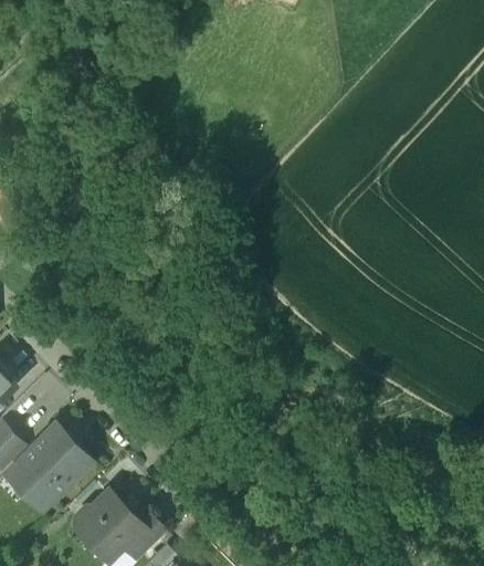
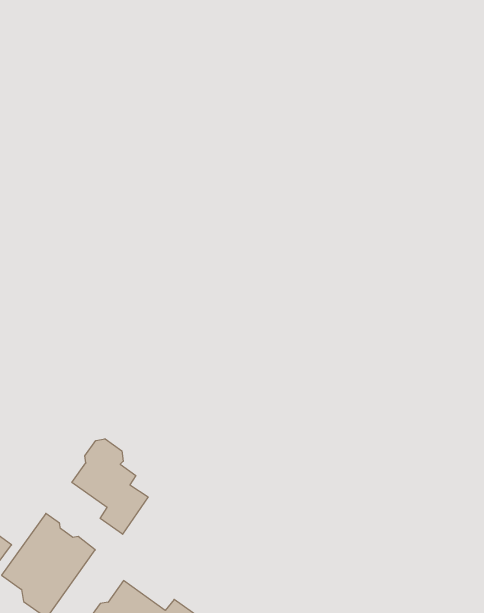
building: none -> [72,439,148,534]

